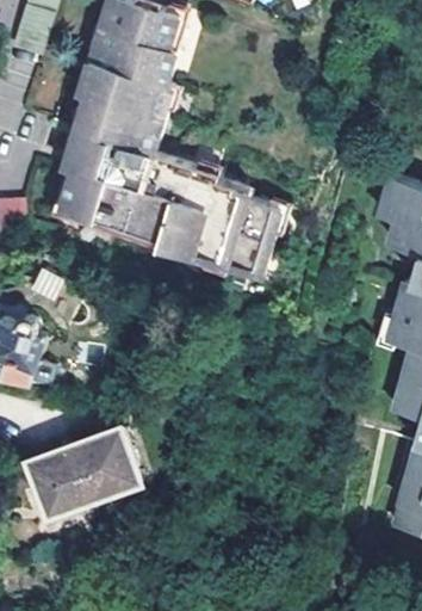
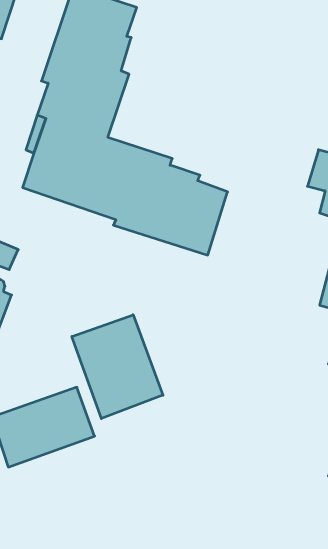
building: none -> [72,315,163,419]

